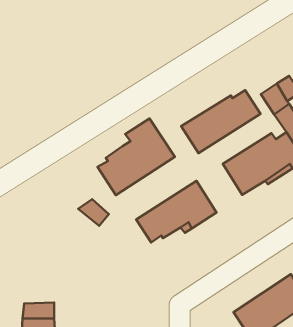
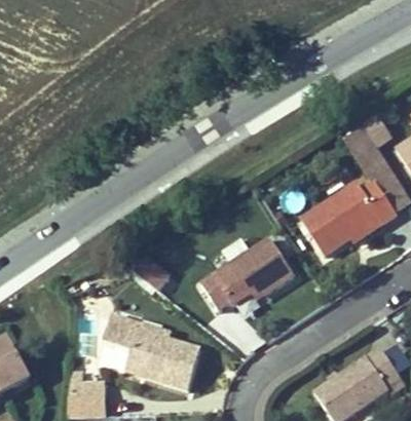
building: [181,90,260,153] -> none
building: [98,118,175,195] -> none
building: none -> [103,315,200,389]

